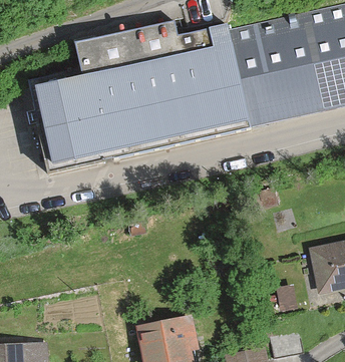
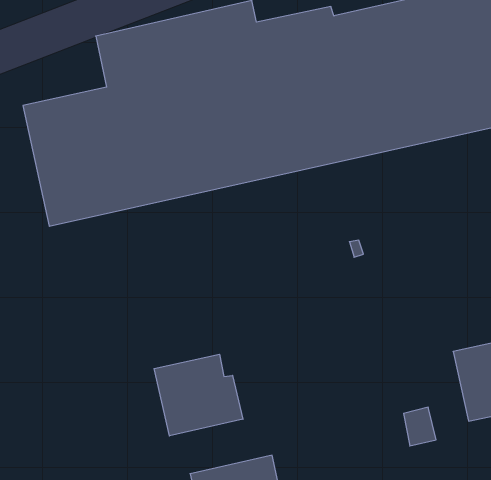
building: none -> [154,354,243,436]

